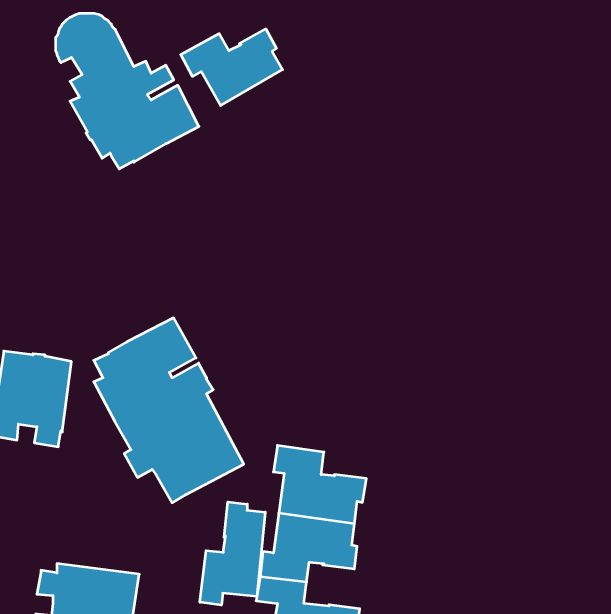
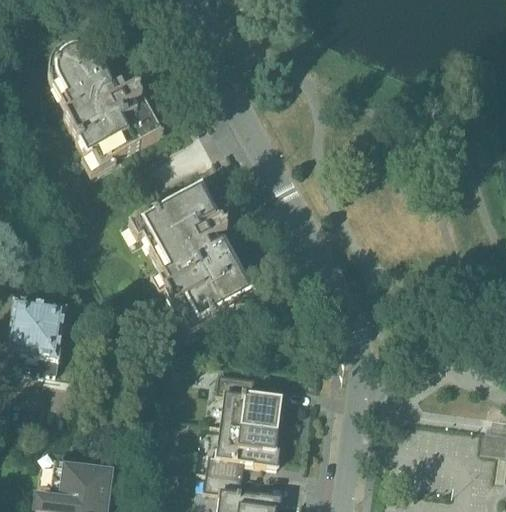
building: [181,29,283,106] -> none
building: [94,318,244,503] -> [143,182,256,321]
building: [200,502,265,605] -> none

